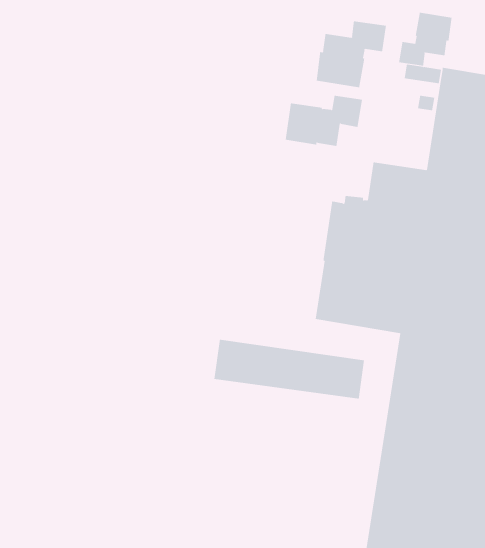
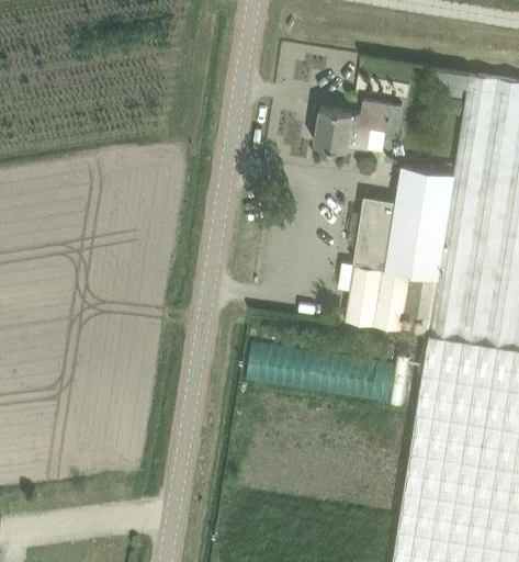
building: [399,12,452,67] -> none
building: [316,20,386,88] -> none

